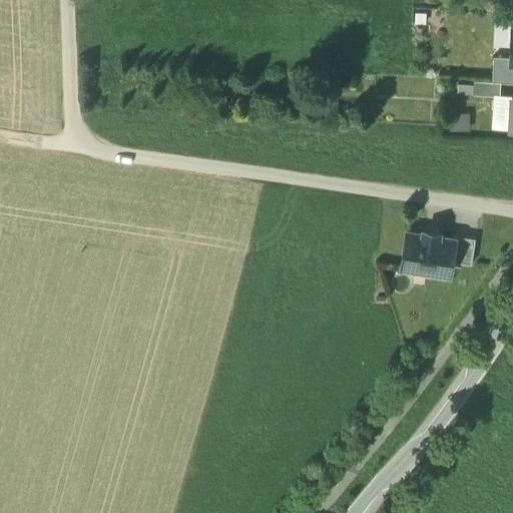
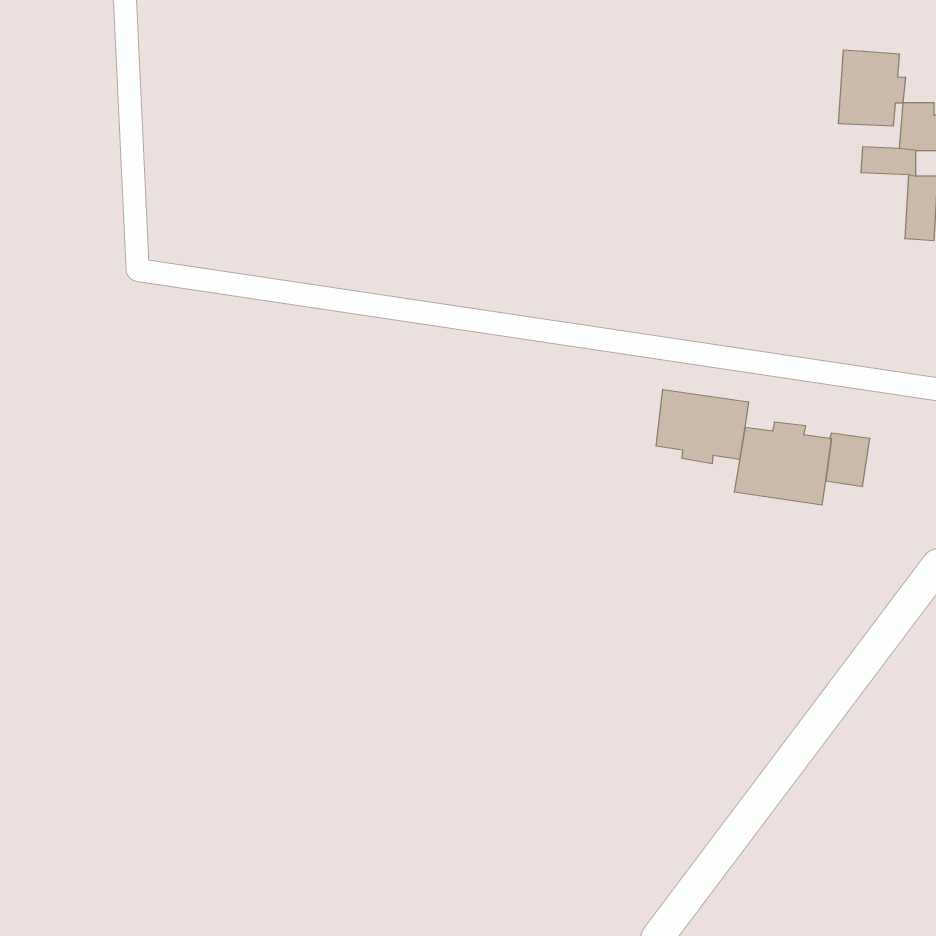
building: none -> [839,50,905,126]
building: none -> [656,389,749,464]

